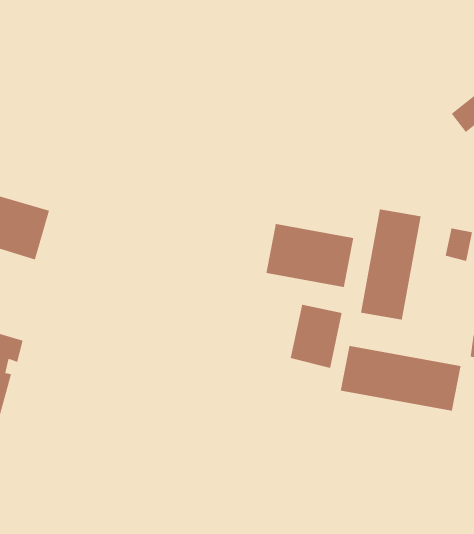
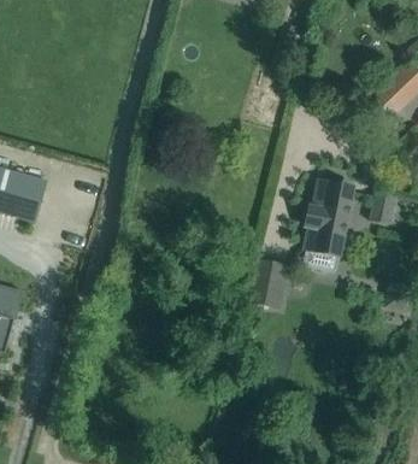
building: [266,223,354,288] -> none
building: [340,345,461,412] -> none

